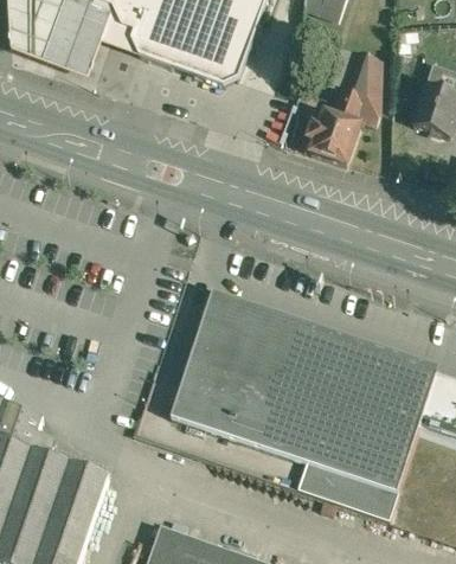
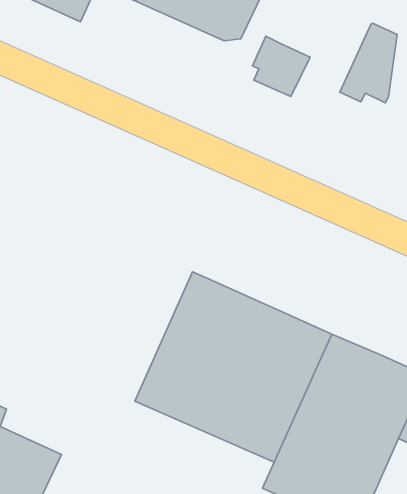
building: [307,110,359,164] -> [253,36,310,97]

